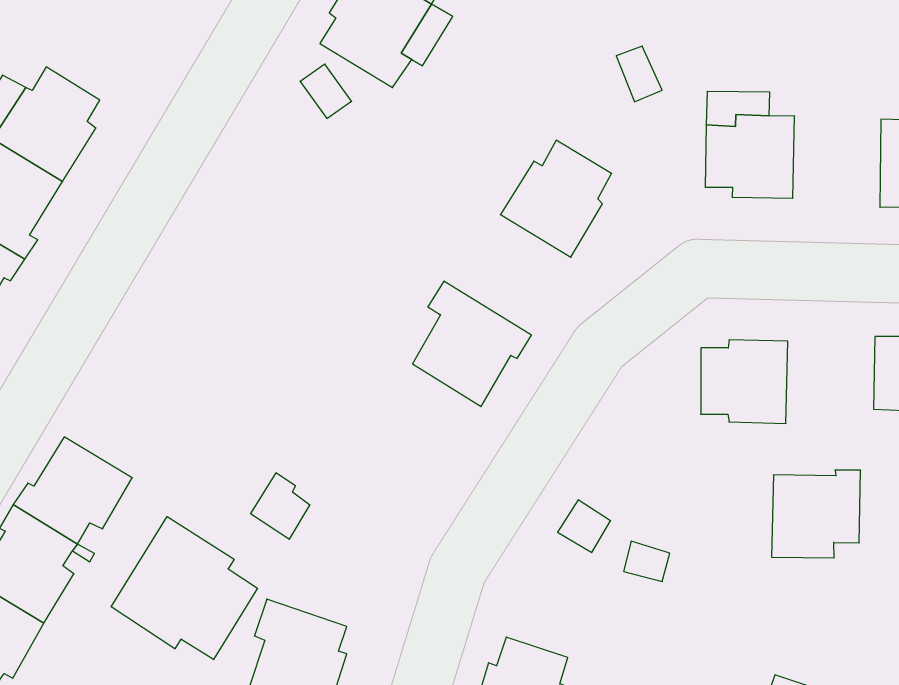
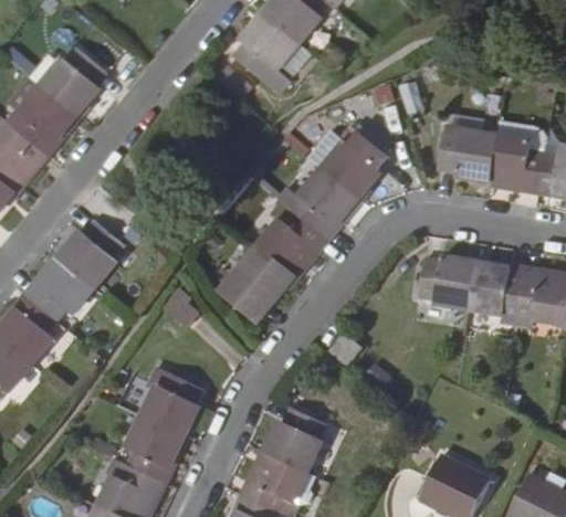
building: none -> [489,123,545,194]
building: none -> [279,168,358,239]
building: none -> [223,245,295,320]
building: none -> [56,222,122,287]
building: [772,470,861,558] -> [467,263,524,315]
building: [111,517,258,660] -> none

